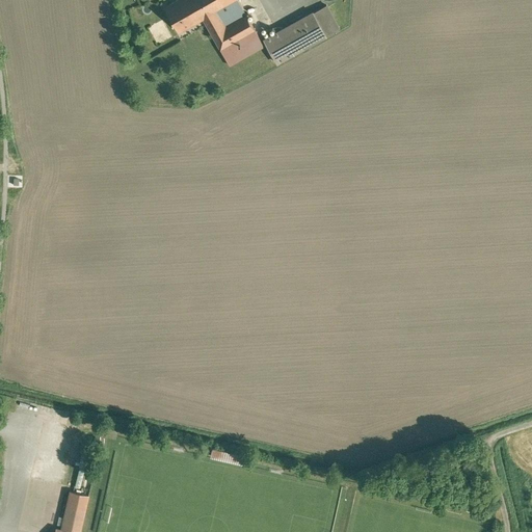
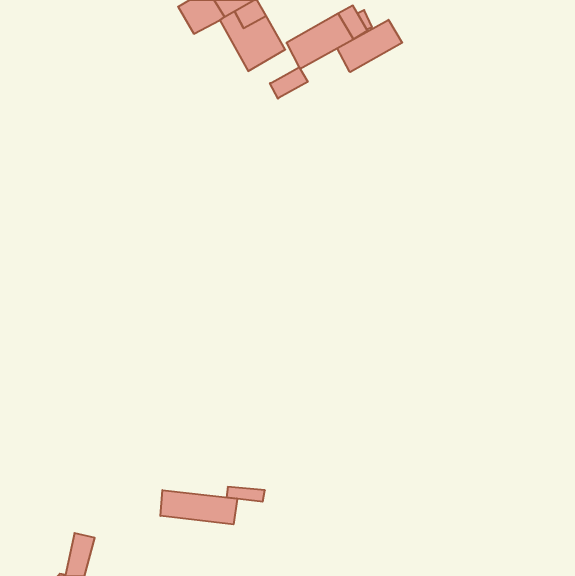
building: none -> [337,20,402,72]
building: none -> [270,67,308,99]
building: none -> [160,490,237,524]

